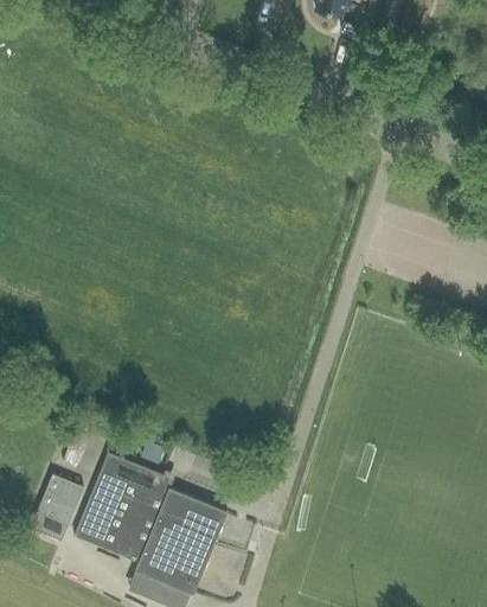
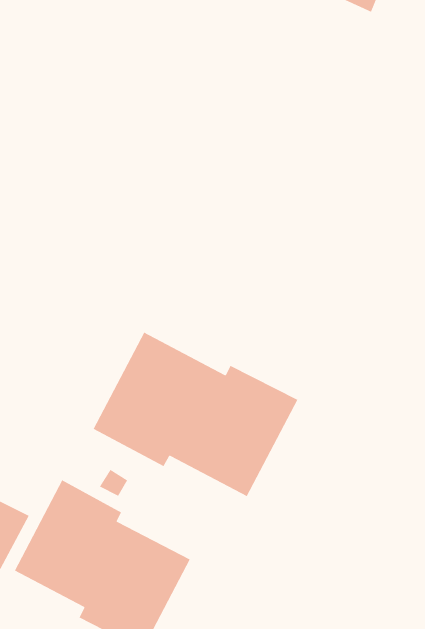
building: none -> [93,332,298,497]

